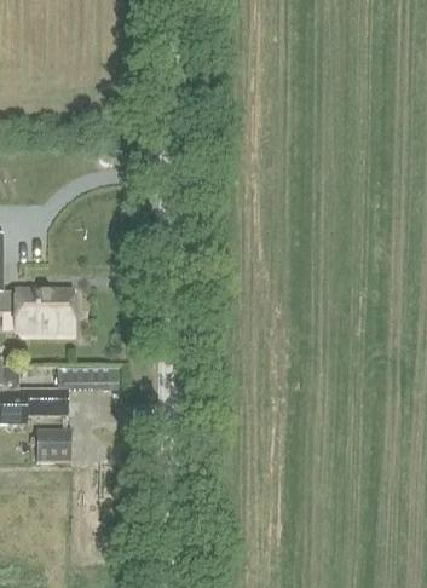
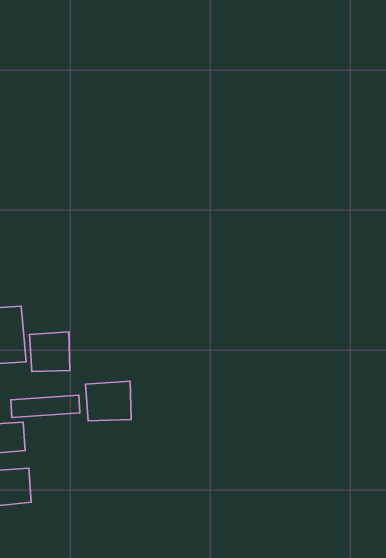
building: none -> [30,332,70,372]
building: none -> [86,381,131,421]

